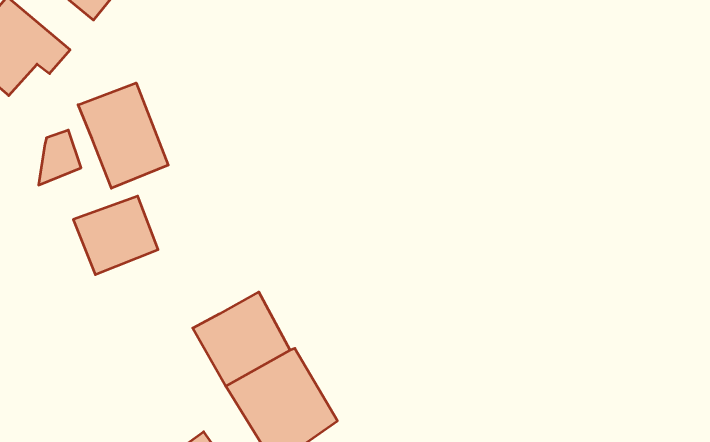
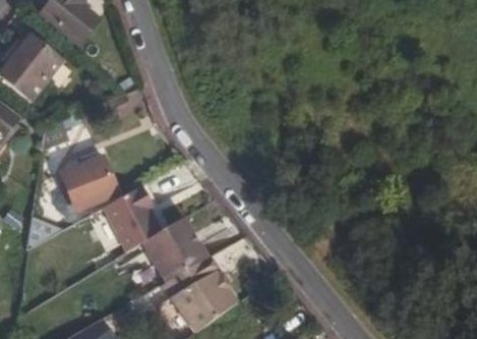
building: [78,83,168,188] -> none
building: none -> [102,187,158,249]

